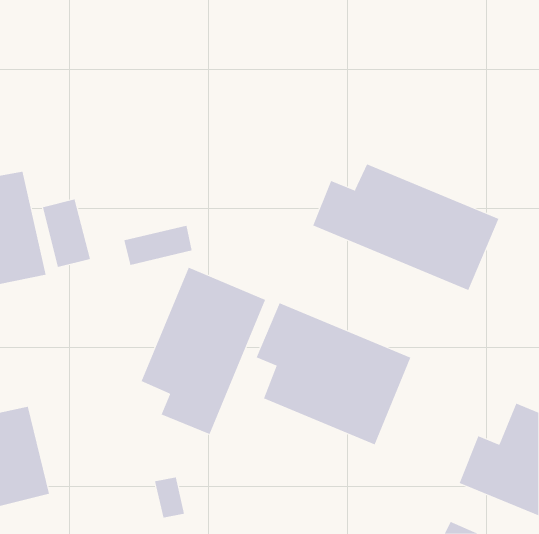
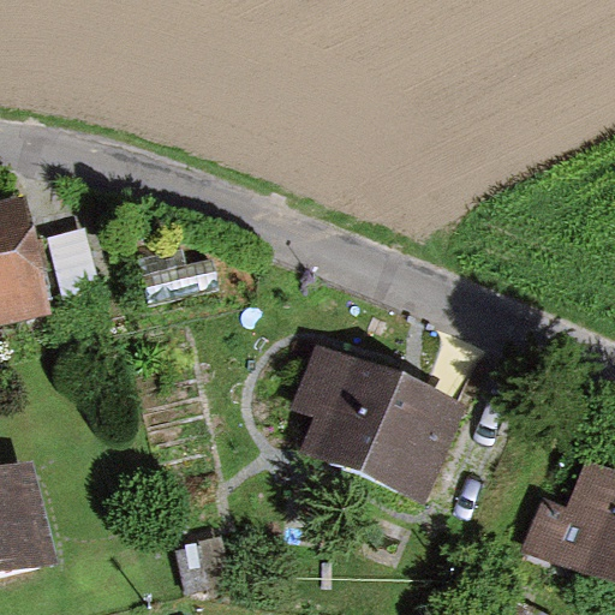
building: [312,164,499,291] -> none
building: [141,267,266,435] -> none

